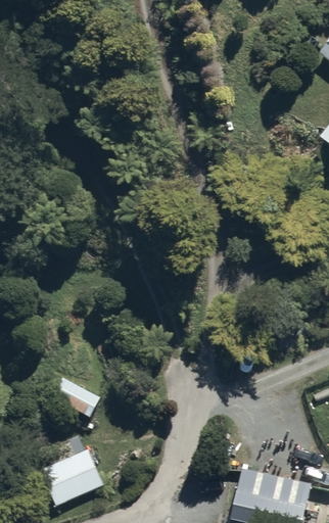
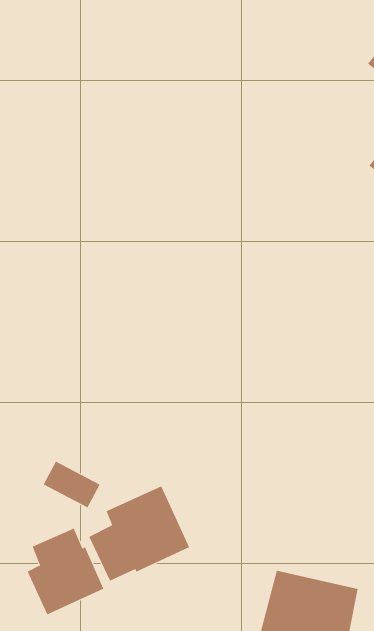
building: none -> [88,485,190,582]

